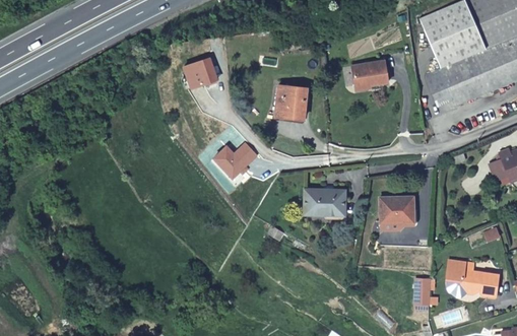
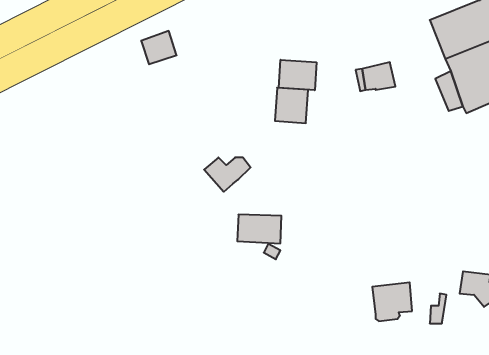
building: none -> [279,60,316,90]
building: [184,59,216,89] -> [141,31,177,64]
building: [302,192,342,218] -> [237,215,281,243]
building: [378,197,414,232] -> [372,282,412,321]

